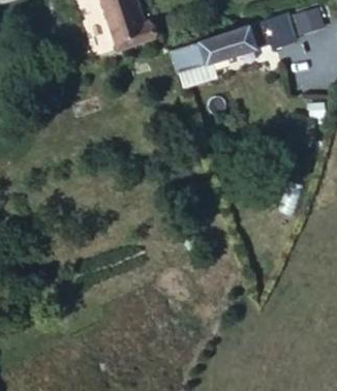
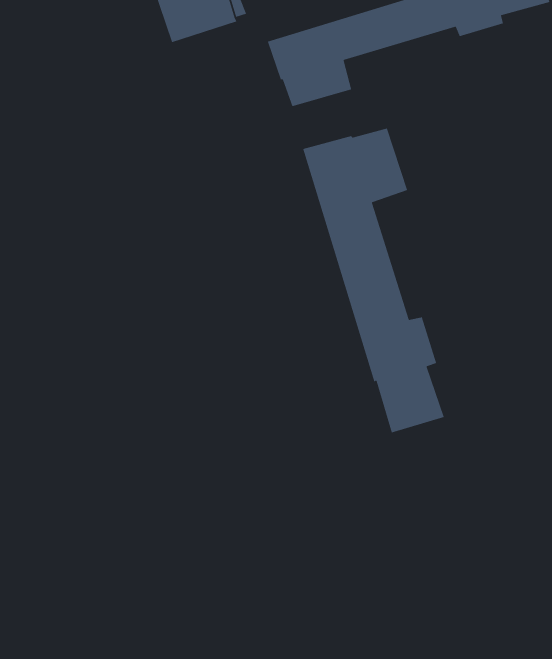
building: none -> [302,128,445,433]

